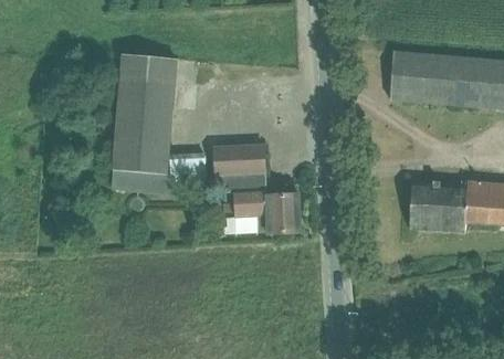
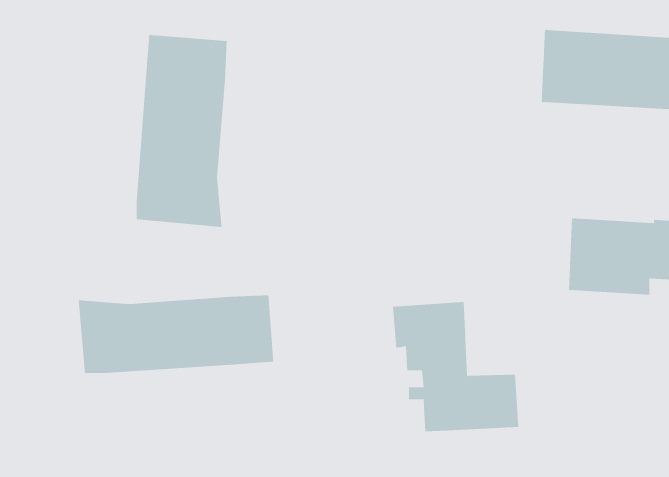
building: [213,145,301,234] -> [392,302,519,432]
building: none -> [78,295,274,374]

